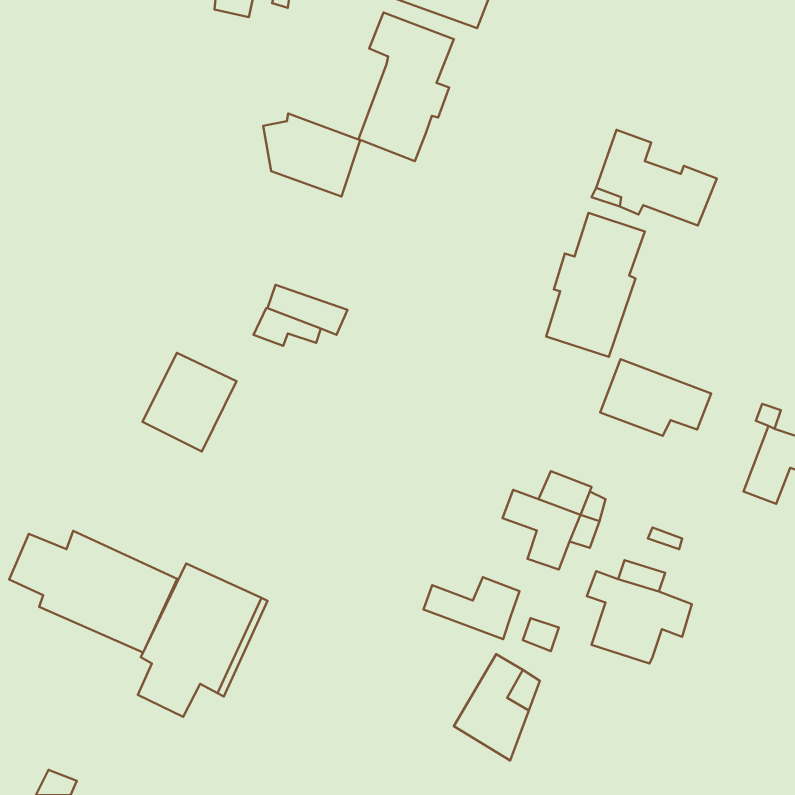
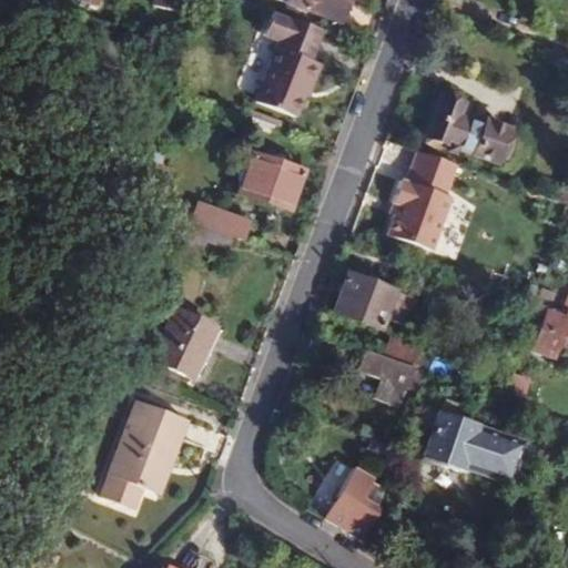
building: [263,113,360,196] -> [235,150,304,209]
building: [142,353,236,452] -> [151,306,217,376]
building: [600,359,711,436] -> [336,272,415,326]
building: [9,531,177,652] -> none
building: [424,577,519,639] -> none
building: none -> [466,428,527,483]

